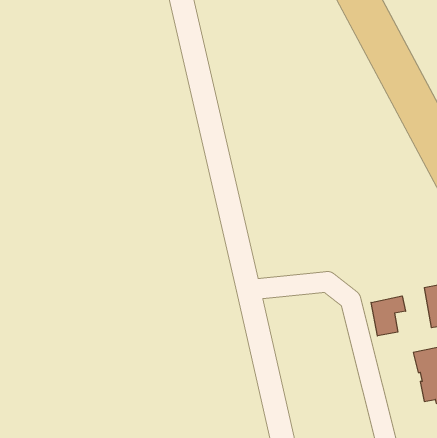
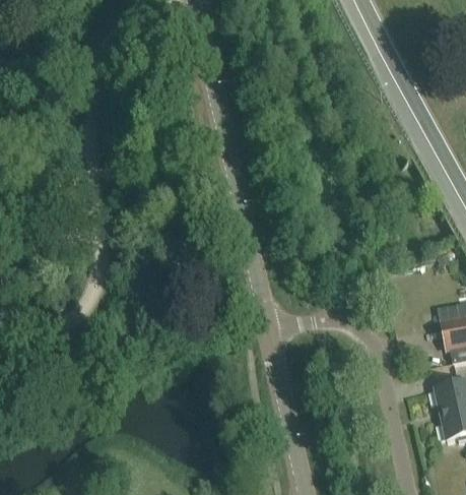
building: [371,296,406,336] -> none

